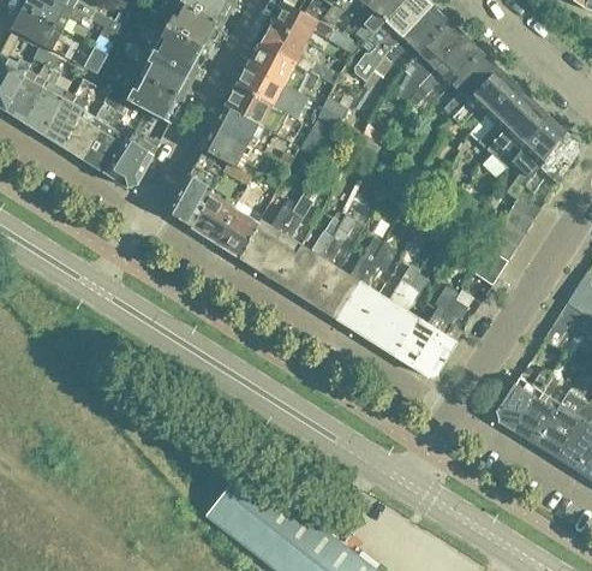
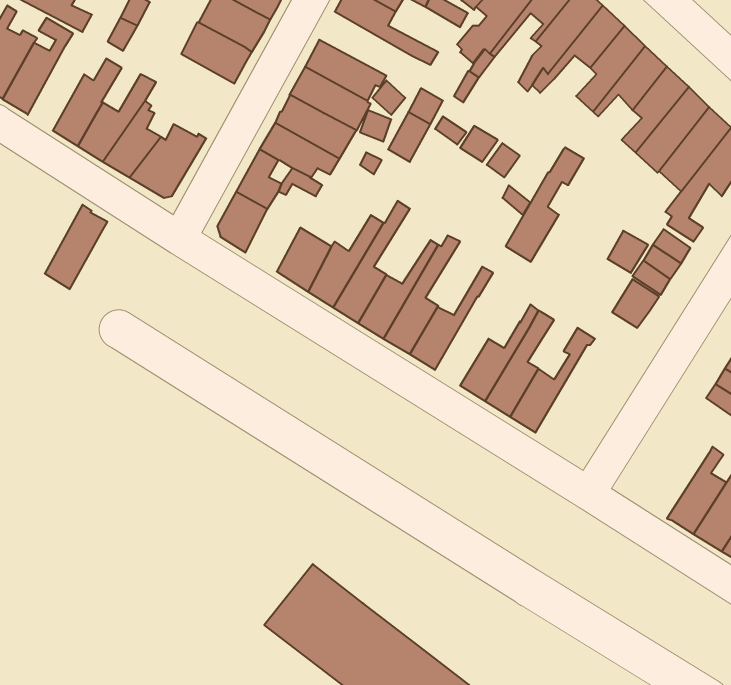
building: [246,42,317,91] -> none
building: [23,69,71,133] -> [45,205,107,289]
building: [126,75,181,123] -> none
building: [190,194,232,242] -> none
building: [335,242,395,329] -> [506,147,584,262]
building: [412,298,466,375] -> none
building: [496,373,545,432] -> none

